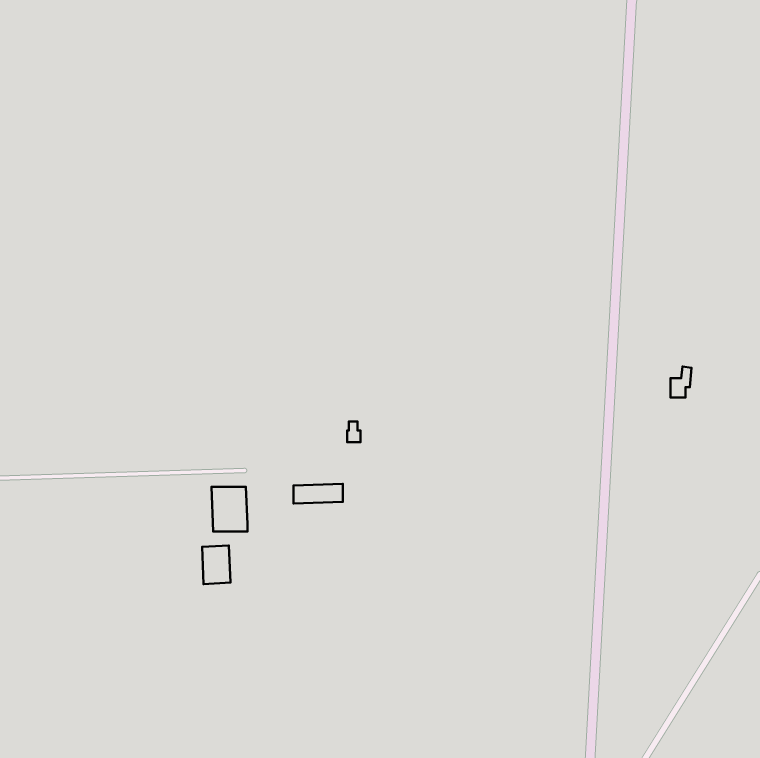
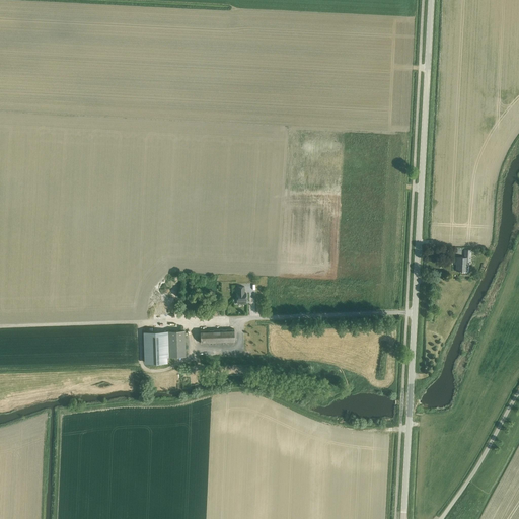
building: [202,545,230,584] -> [167,332,187,359]

